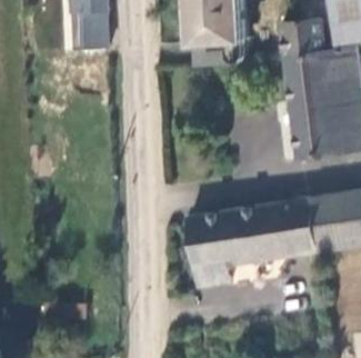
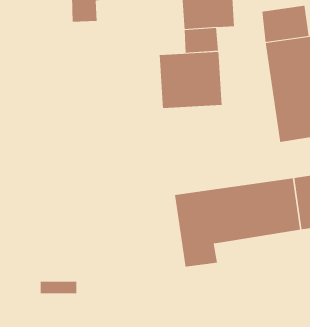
building: none -> [159,51,222,109]

